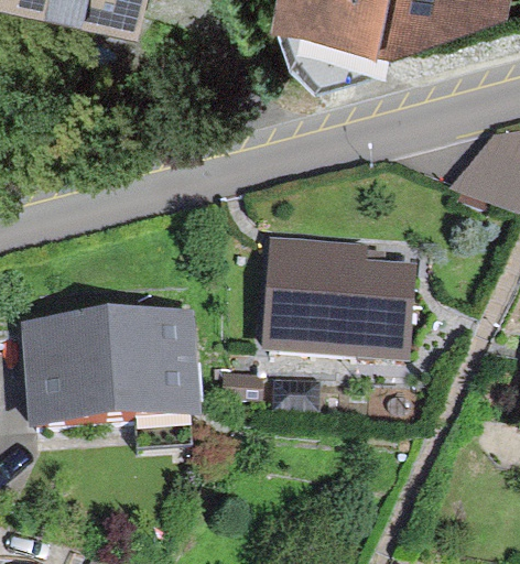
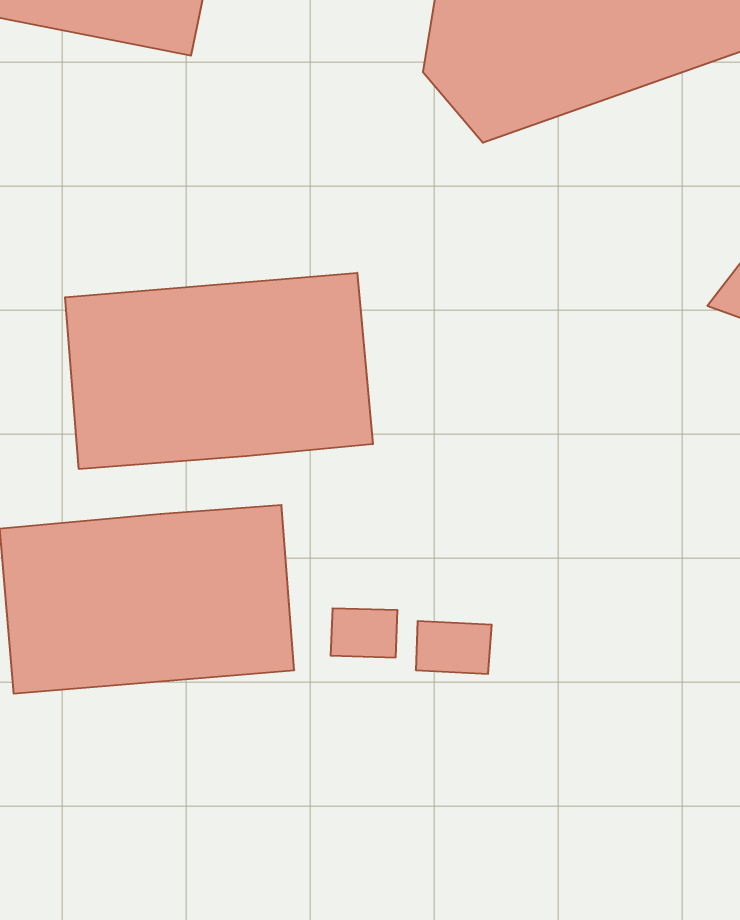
building: none -> [65,273,373,469]
building: [267,235,418,354] -> none

